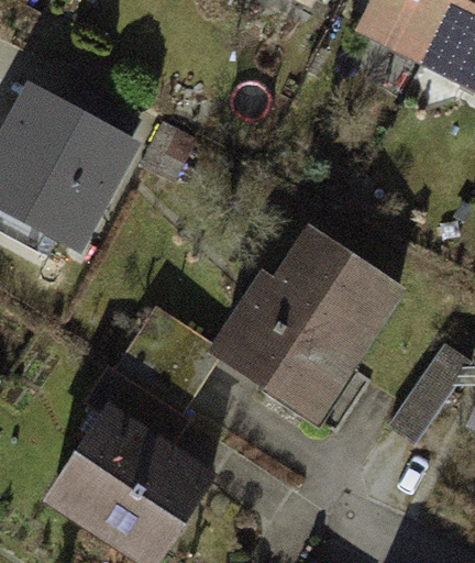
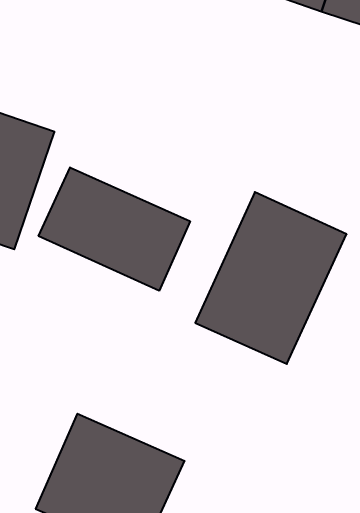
building: none -> [39,167,190,291]

